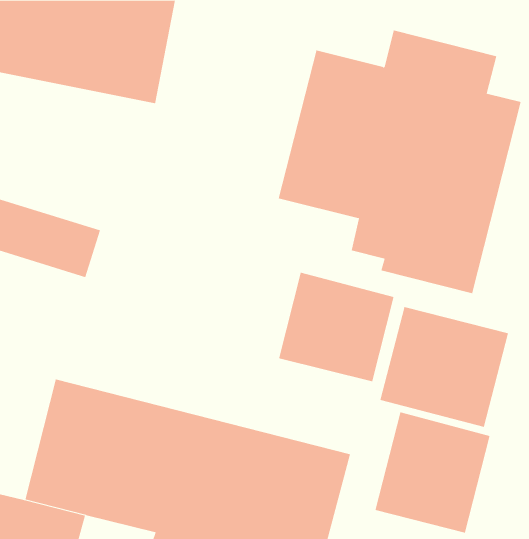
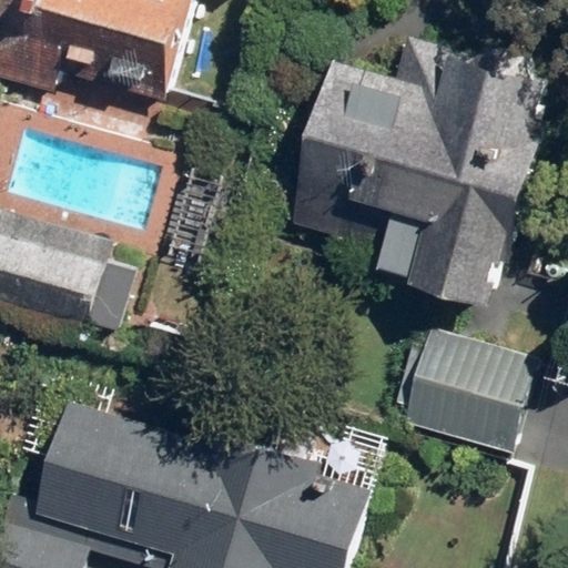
building: [279,272,394,382] -> none
building: [375,412,490,533] -> none

